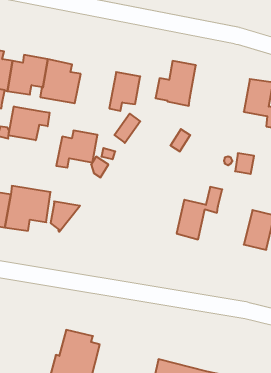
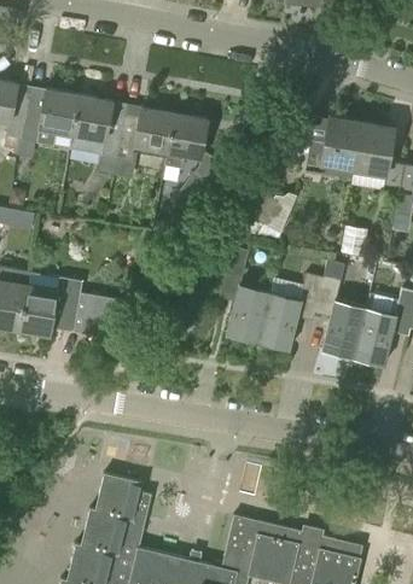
building: [155,61,196,106] -> [306,117,362,180]
building: [9,106,50,140] -> none
building: [56,131,98,168] -> [117,107,175,159]
building: none -> [222,247,271,339]
building: none -> [318,261,366,355]

